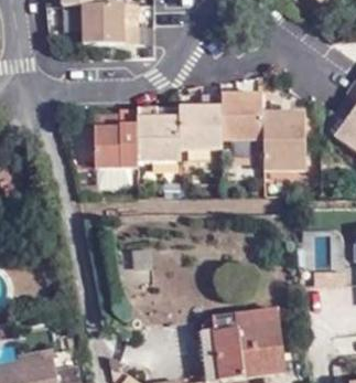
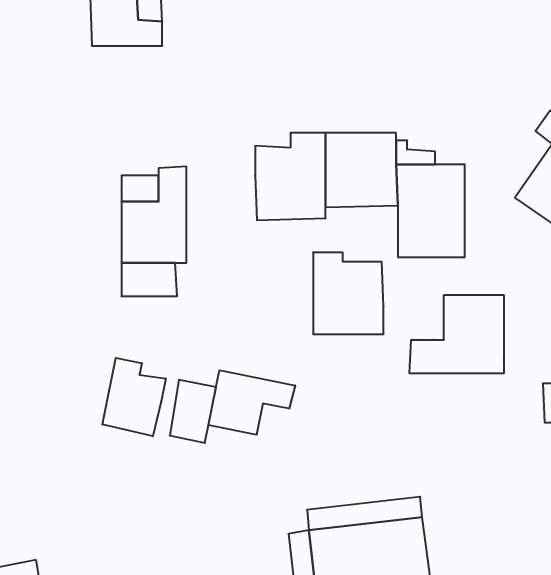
building: [139,114,181,162] -> [313,252,384,334]
building: none -> [409,295,504,373]
building: none -> [102,358,166,436]
building: none -> [209,370,295,435]

